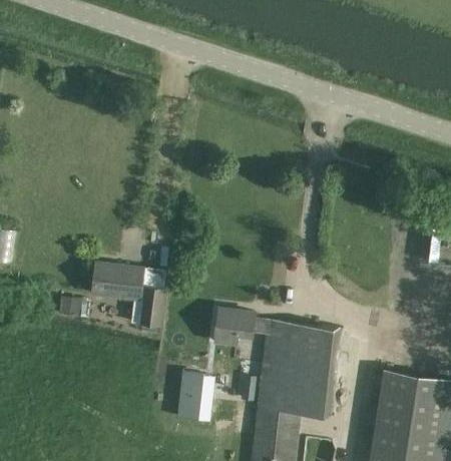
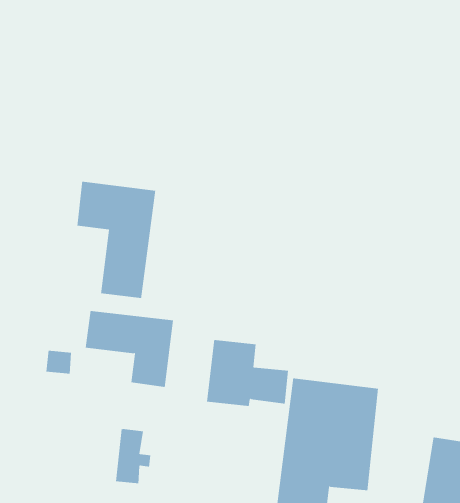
building: none -> [77,181,156,299]
building: [179,374,209,422] -> [115,426,151,484]

